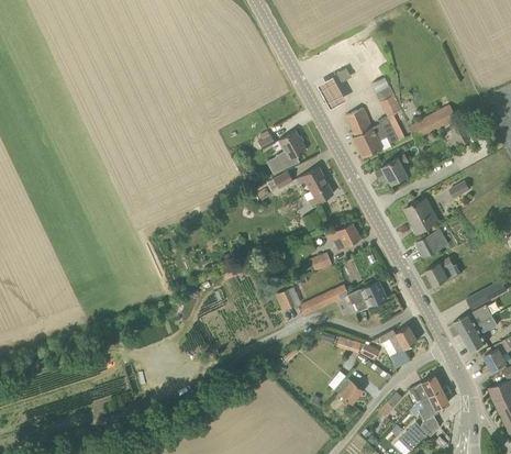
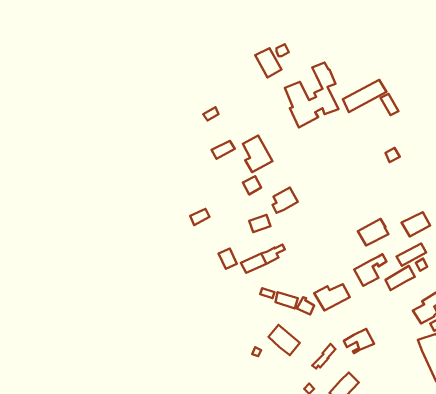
building: [277,131,306,160] -> none
building: [375,155,409,184] -> none
building: [404,200,437,232] -> none
building: [416,231,447,257] -> [402,212,430,237]
building: [354,281,388,311] -> none
building: [460,318,496,352] -> [354,254,387,286]
building: [418,392,448,421] -> none

